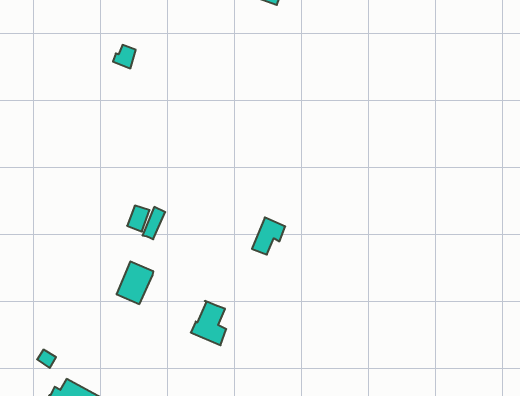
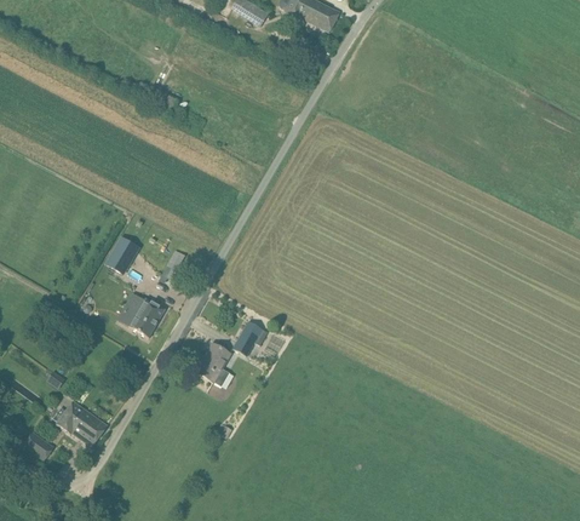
building: none -> [107,235,138,271]
building: [252,217,285,255] -> [232,319,266,354]

